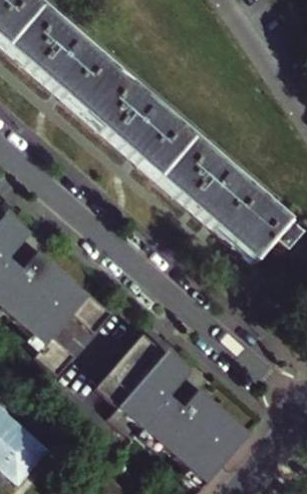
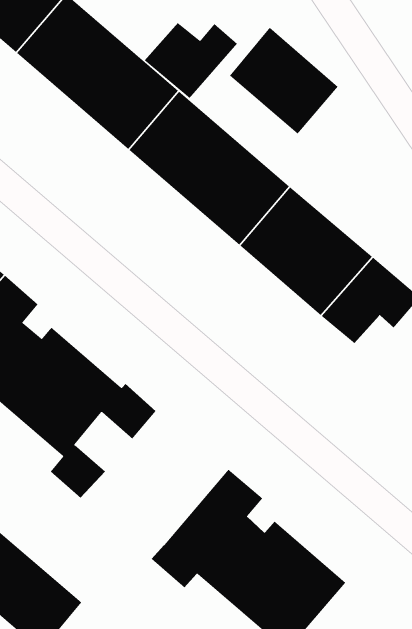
building: none -> [144,22,238,99]
building: none -> [229,27,339,134]
building: [96,334,165,407] -> none

